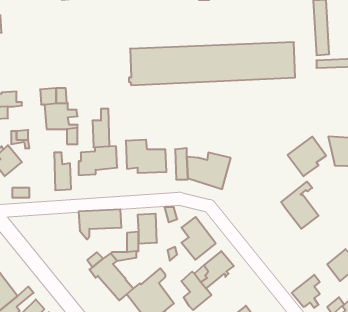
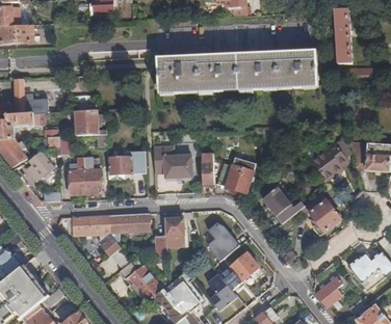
building: [92,109,110,147] -> [68,158,84,195]
building: none -> [261,187,304,223]
building: none -> [71,215,119,254]

